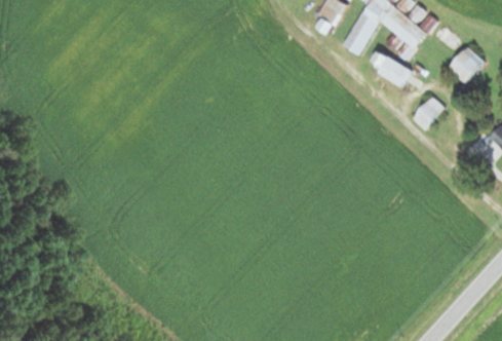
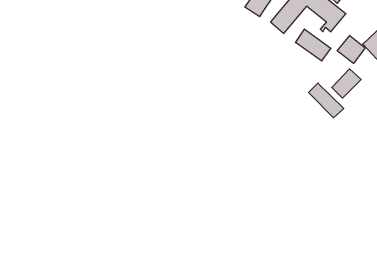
building: none -> [337,35,365,63]
building: none -> [309,83,344,118]

